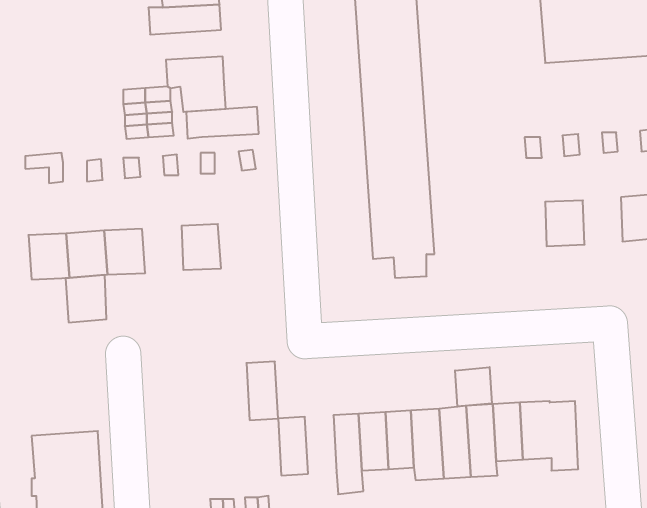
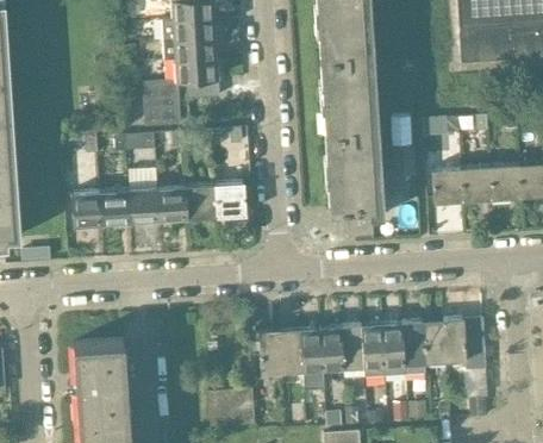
building: [186,107,259,139] -> [164,38,219,62]
building: none -> [491,164,520,200]
building: none -> [433,168,463,204]
building: none -> [216,182,248,218]
building: [65,275,106,322] -> [158,186,189,222]
building: [246,362,278,420] -> [281,329,305,373]
building: [455,367,492,407] -> none

